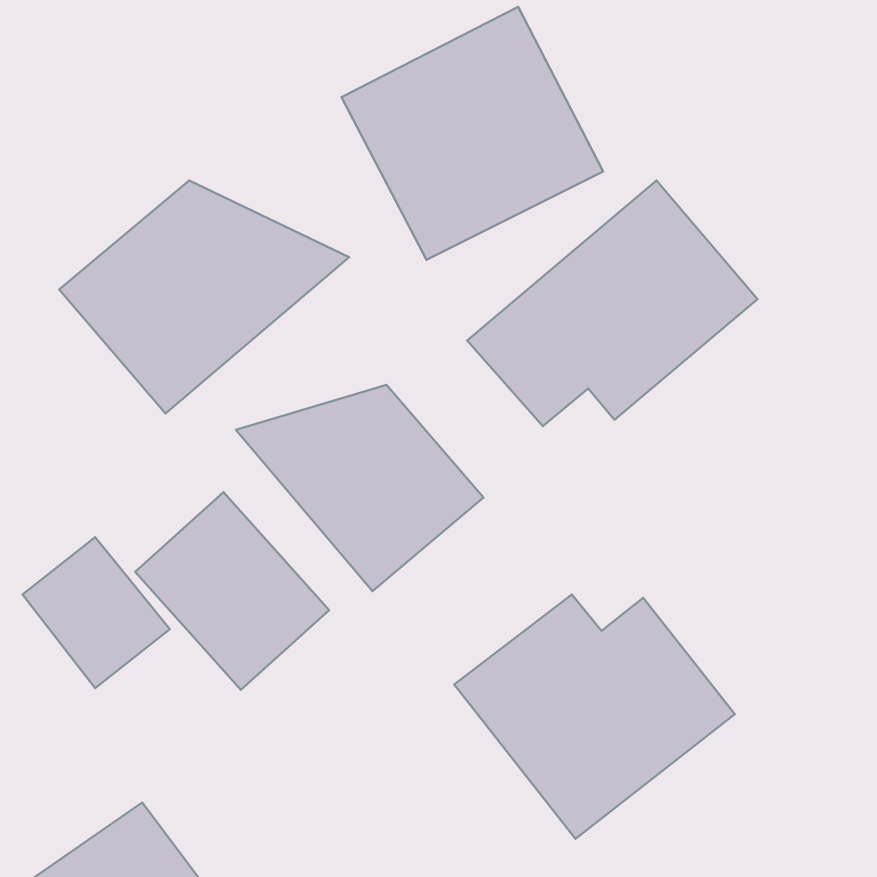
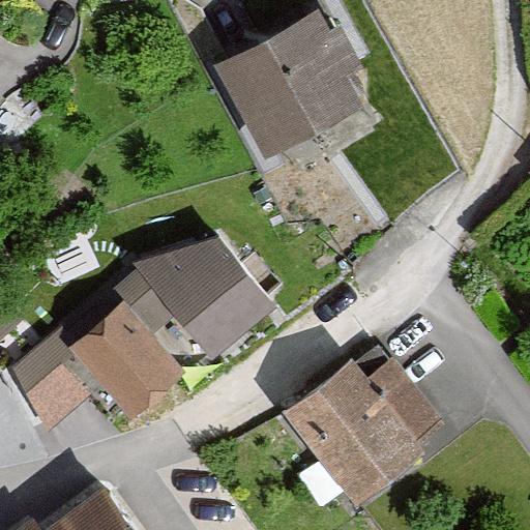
building: [467,180,757,426] -> none
building: [59,180,349,413] -> none

